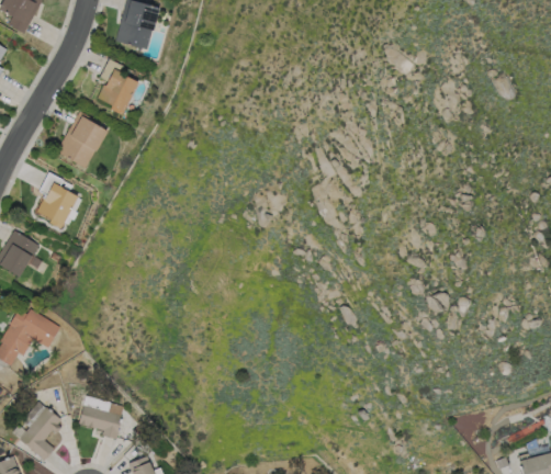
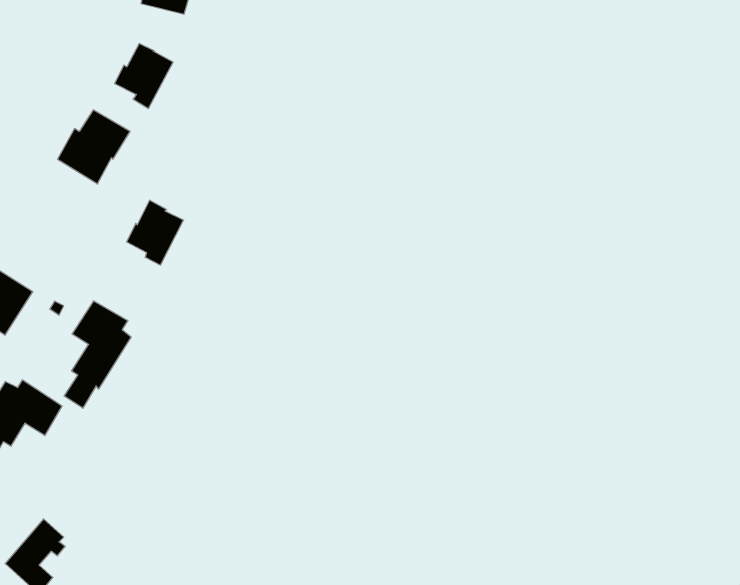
building: [36,182,77,228] -> [127,200,184,265]
building: none -> [64,301,131,408]
building: [78,406,121,439] -> none

